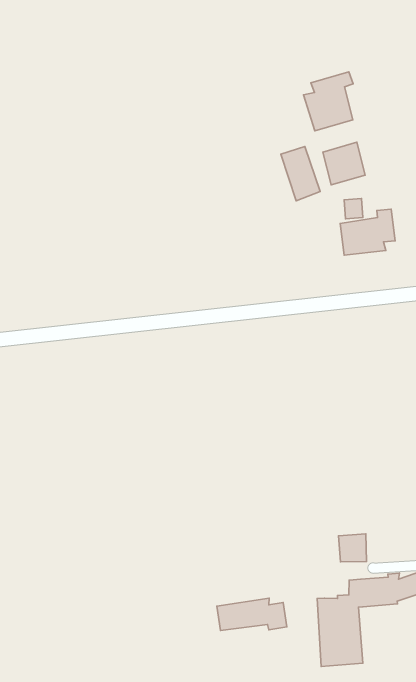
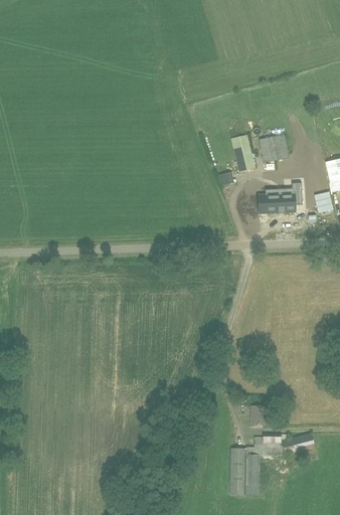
building: [304,72,353,131] -> none
building: [217,598,287,630] -> none

